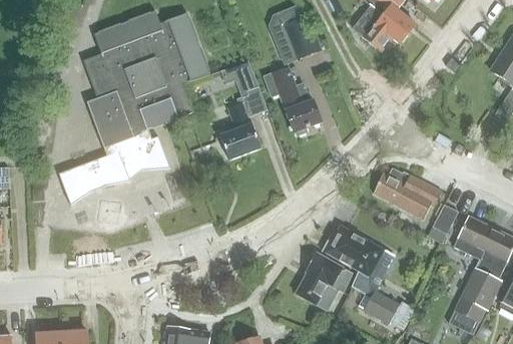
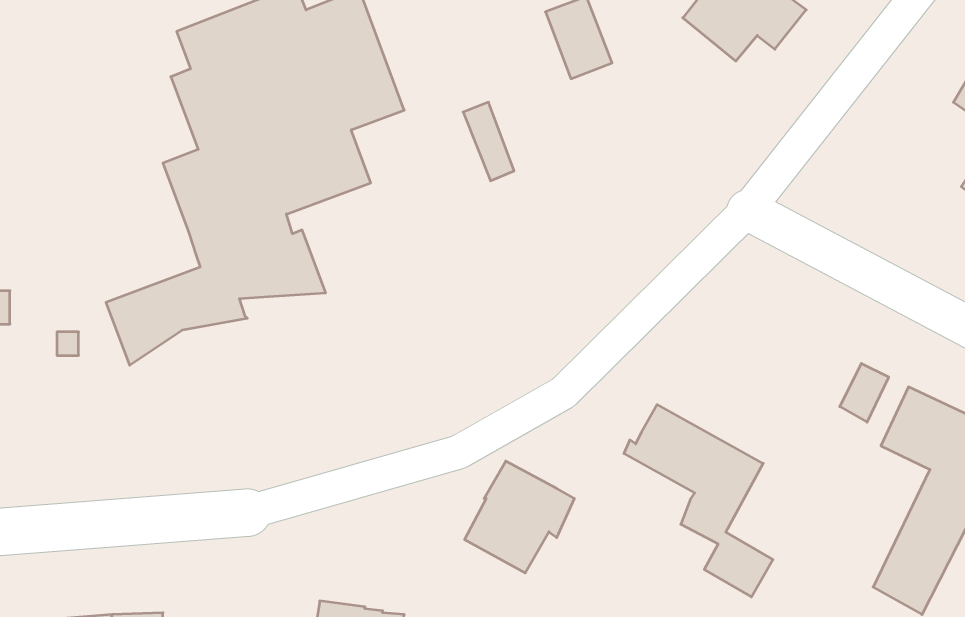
building: [262,65,321,135] -> none
building: [218,101,260,159] -> none
building: [372,167,441,219] -> none
building: [295,253,351,310] -> [465,461,574,573]

